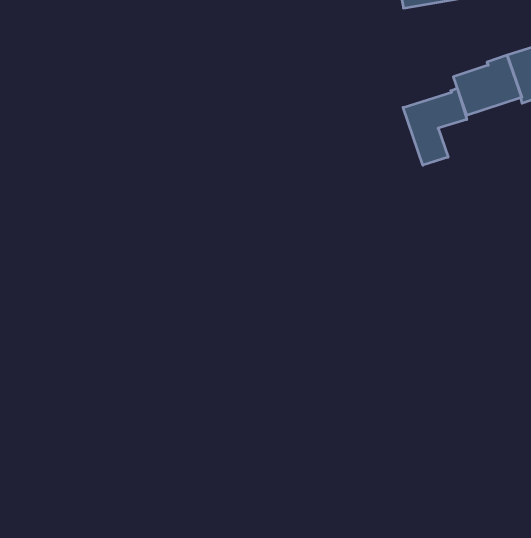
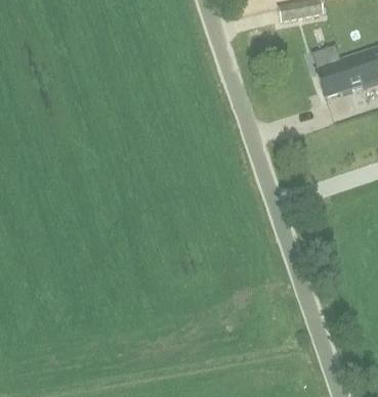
building: [403,88,467,165] -> none

